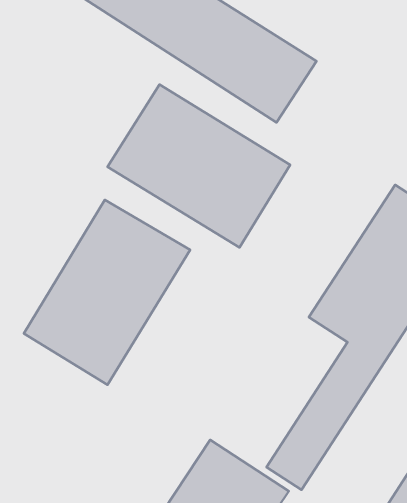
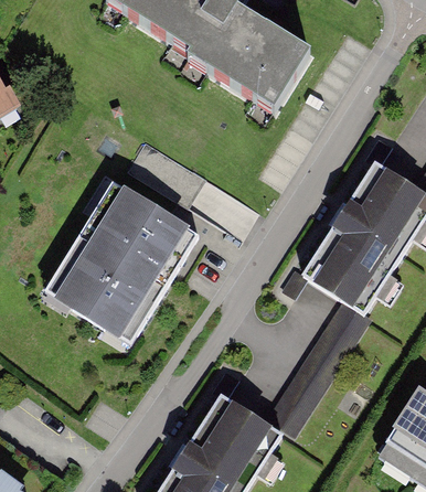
building: [107,84,290,248] -> none

